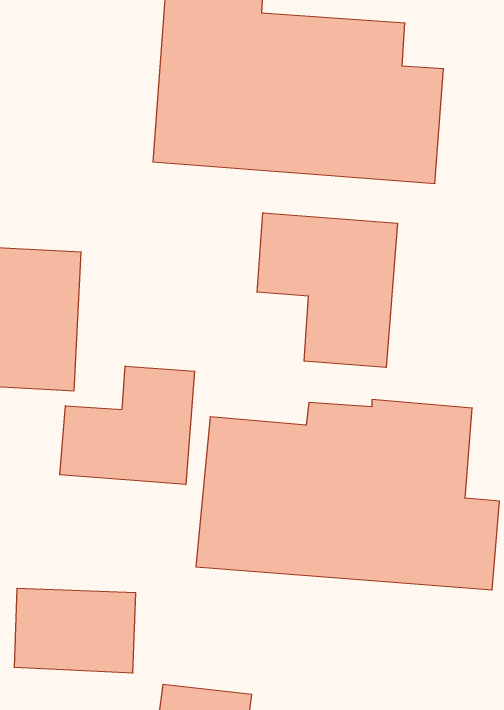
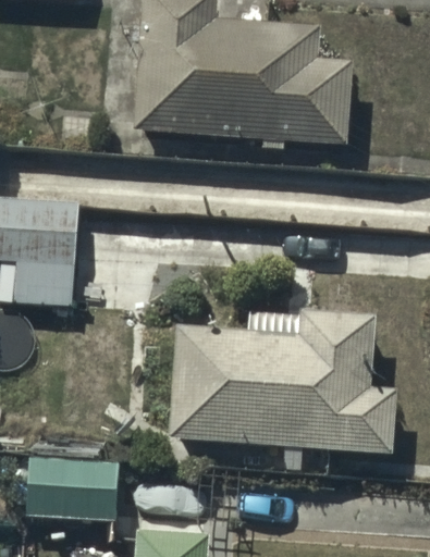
building: [257,213,397,368] -> none
building: [60,366,195,485] -> none

